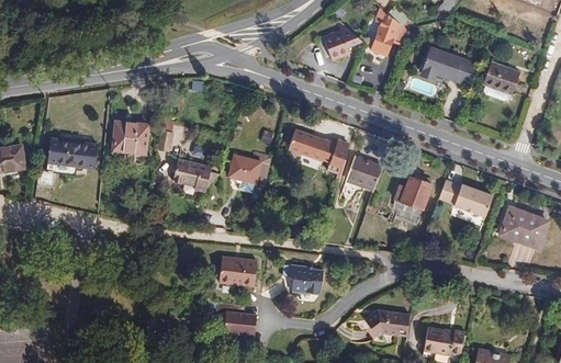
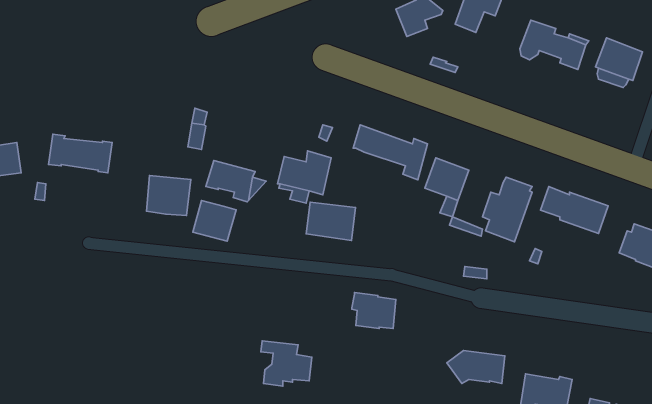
building: [112,121,147,152] -> [147,175,191,215]
building: none -> [193,201,236,241]
building: [217,256,257,286] -> [306,202,356,241]

